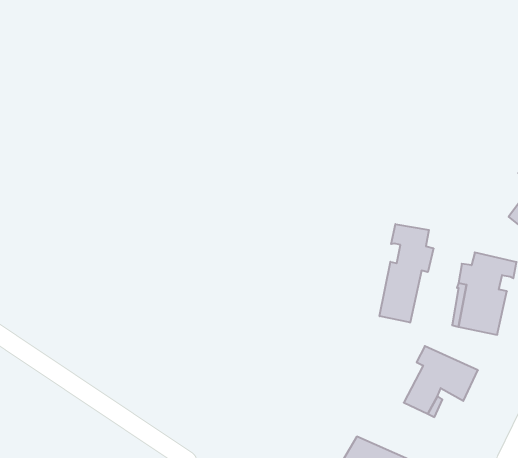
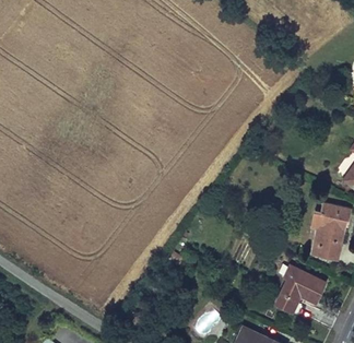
building: [380,224,433,323] -> none

